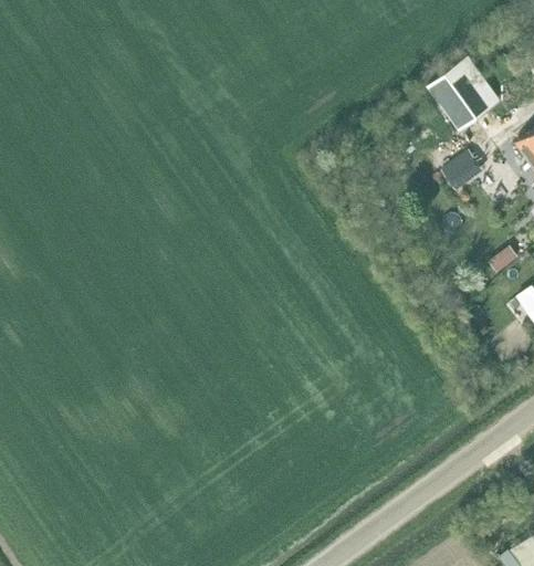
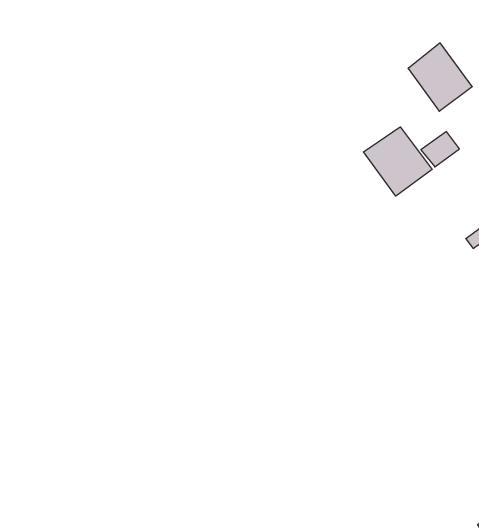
building: none -> [363,127,432,196]

